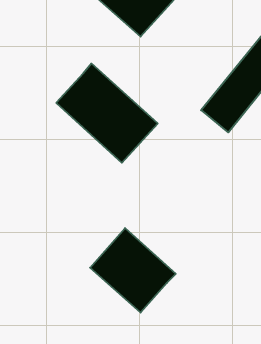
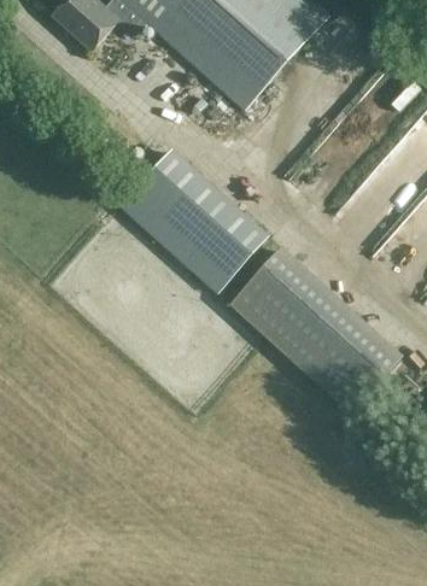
building: none -> [232,248,402,412]
building: [90,228,176,313] -> none

